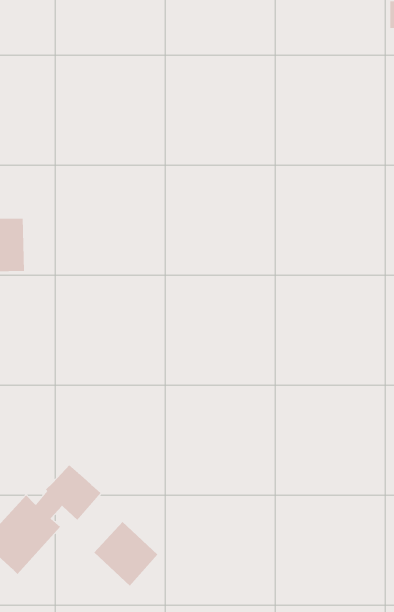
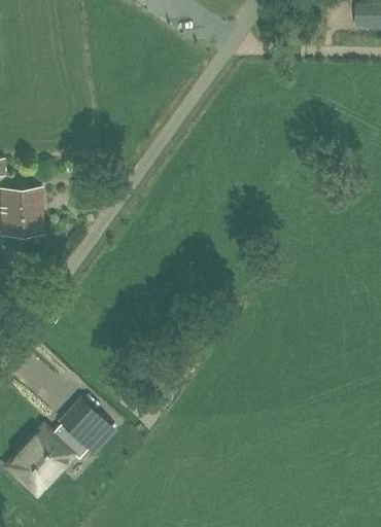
building: [93,521,158,586] -> none

